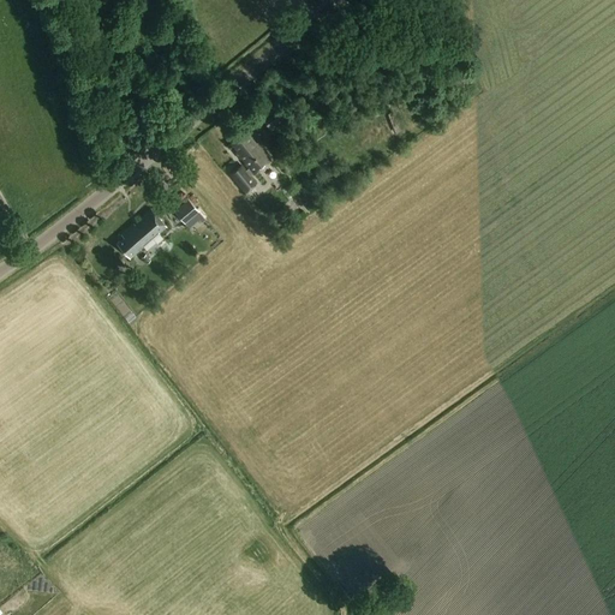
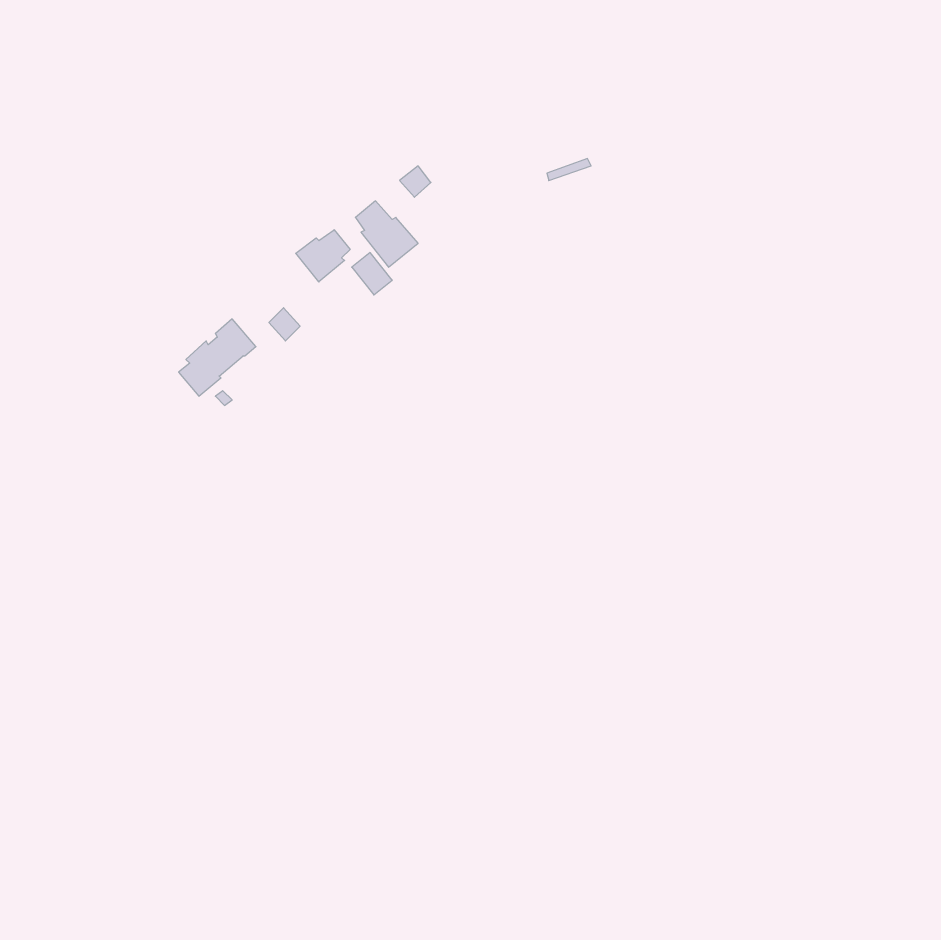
building: none -> [296,230,350,282]

